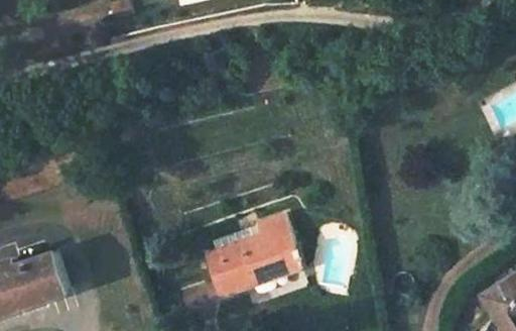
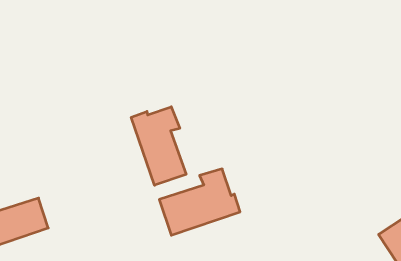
building: none -> [131,107,186,185]

